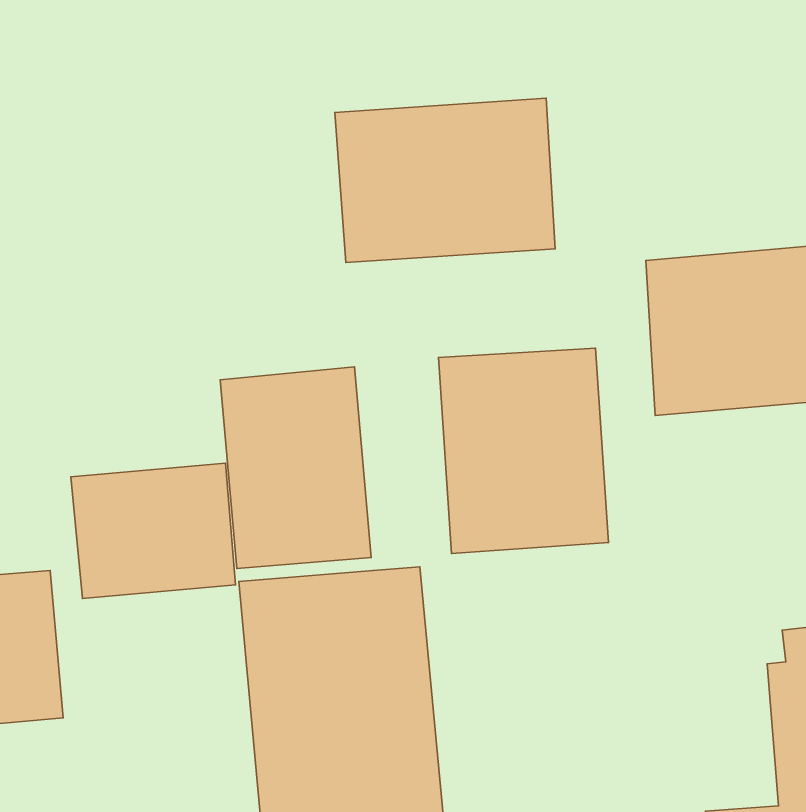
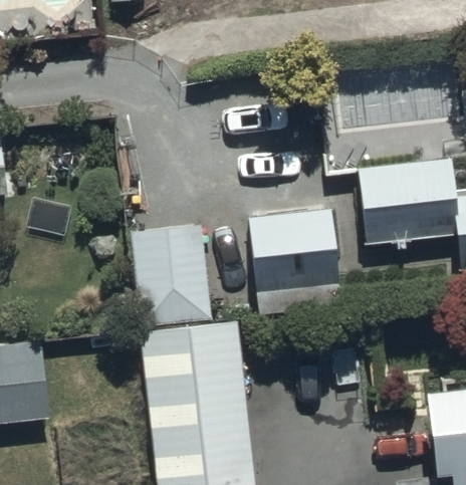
building: [335,98,555,263] -> none
building: [71,463,236,598] -> none

